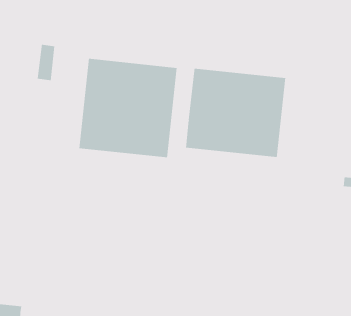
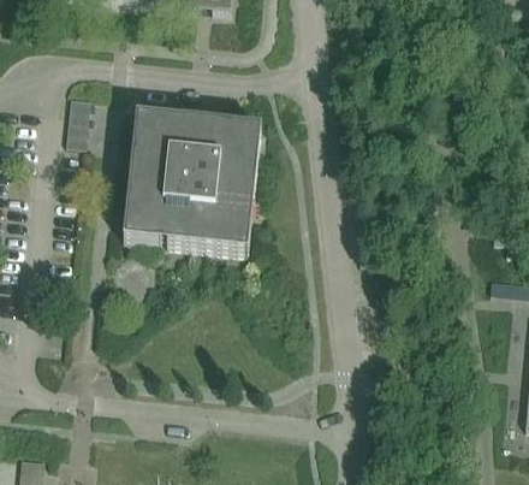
building: [185,68,286,158] -> none

